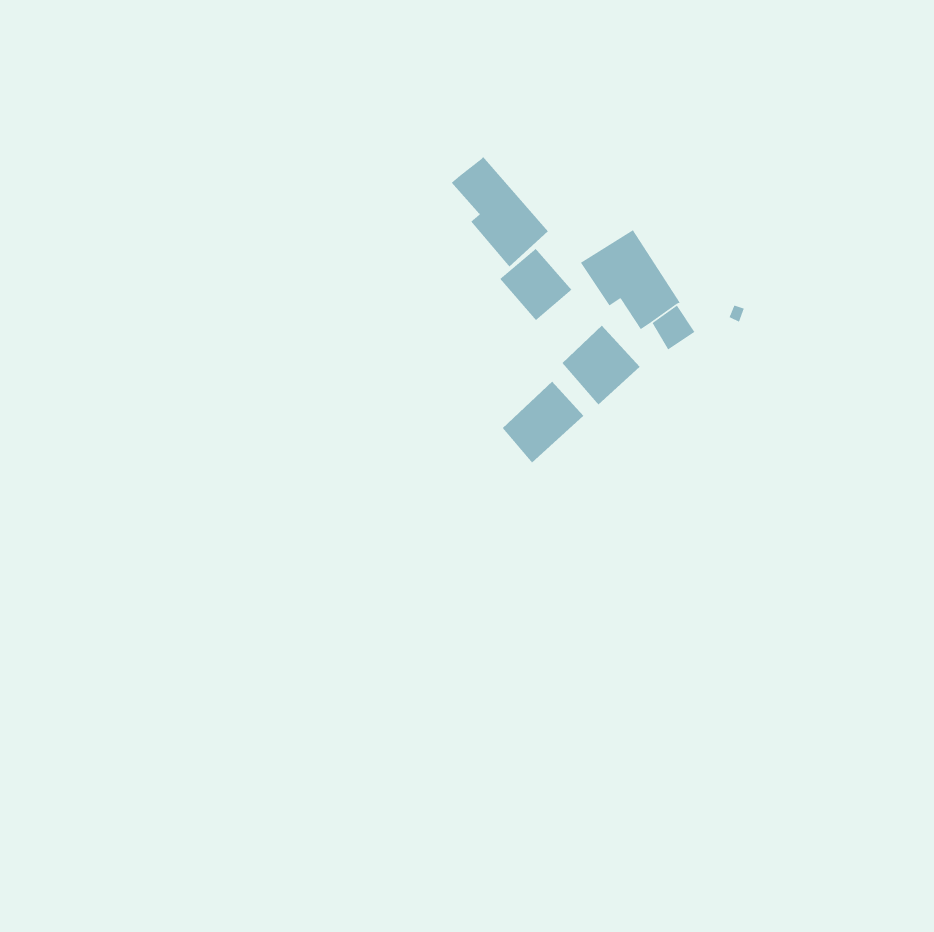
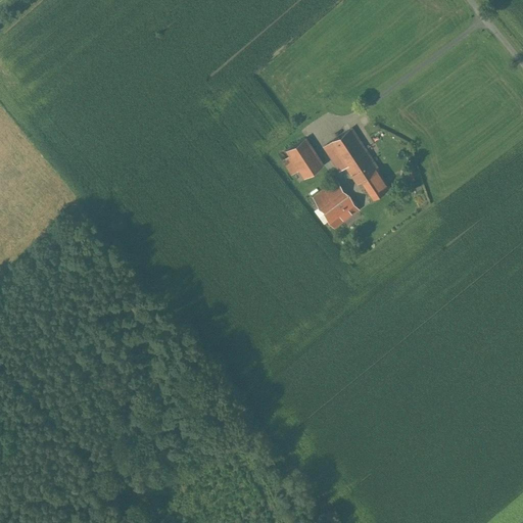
building: [451,156,549,268] -> none
building: [502,381,584,463] -> none

